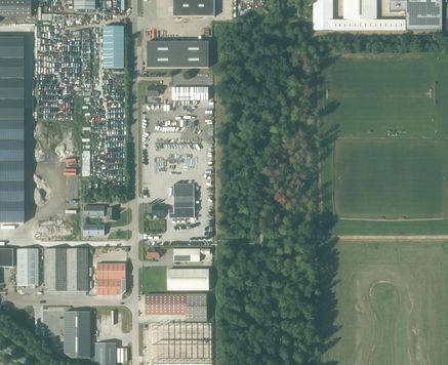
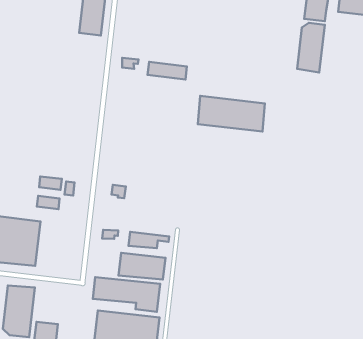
building: none -> [297,23,325,72]
building: [147,40,209,67] -> [198,96,265,132]
building: [168,182,195,216] -> none
building: [96,262,126,293] -> none

